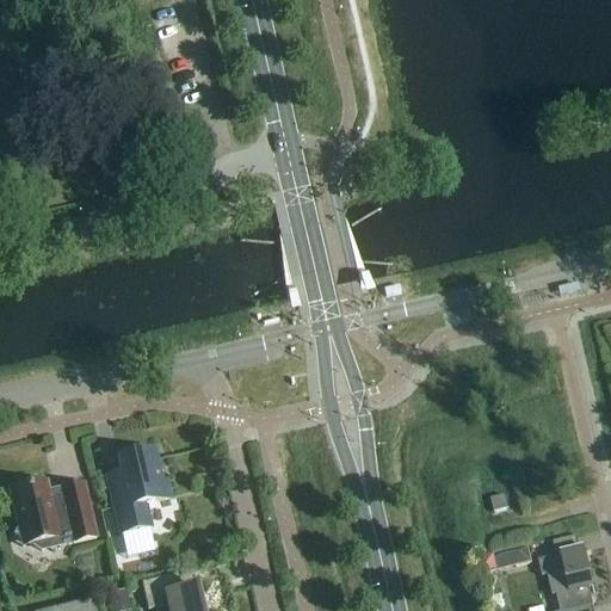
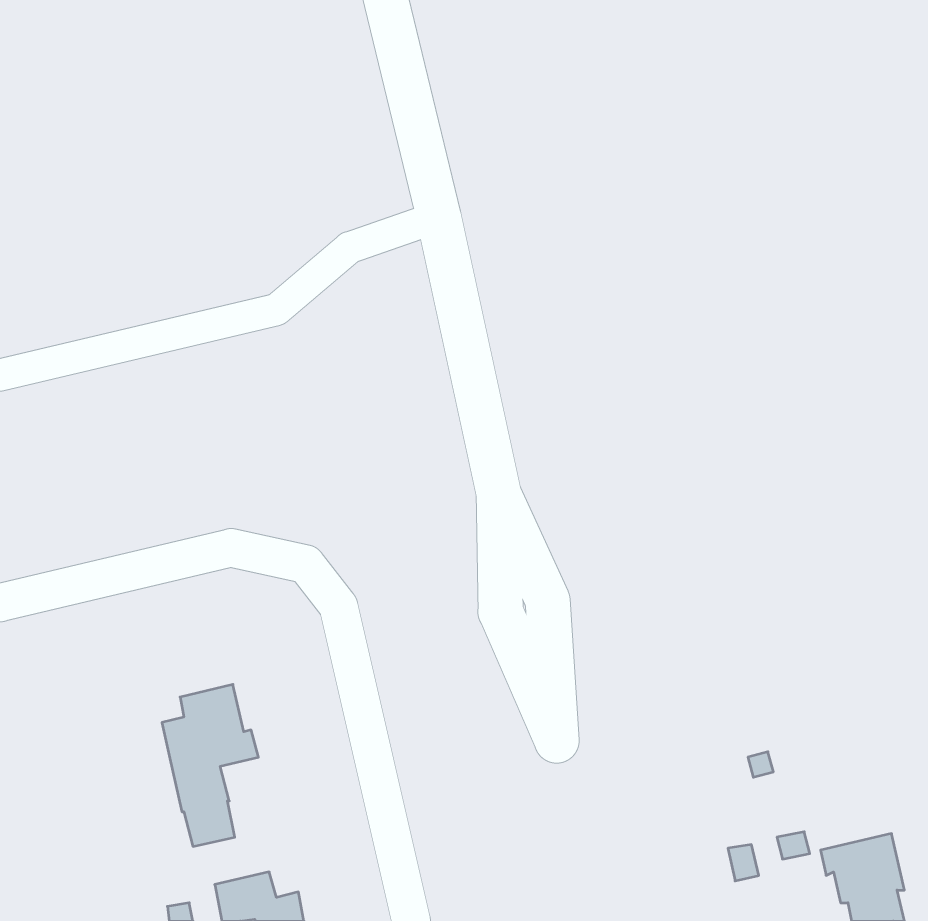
building: [10,476,93,548] -> none

